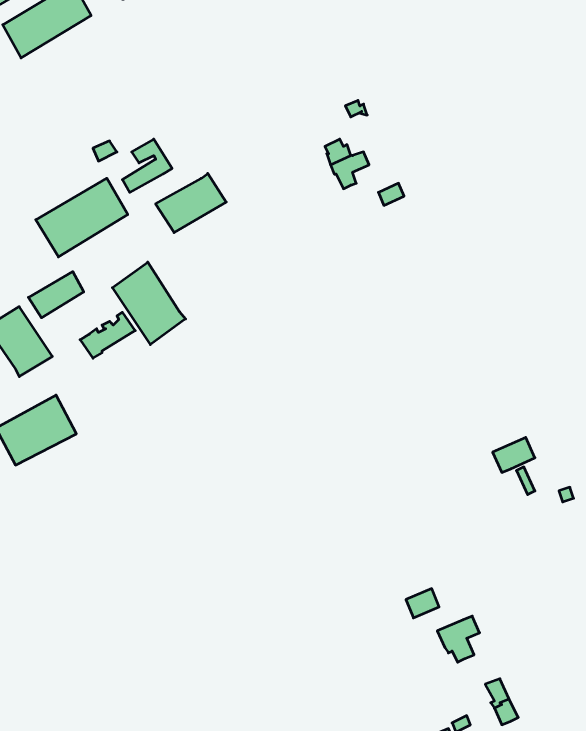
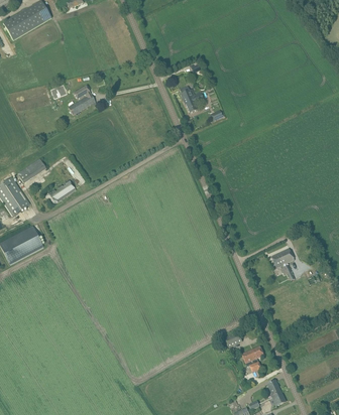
building: [156,173,226,233] -> none
building: [36,178,128,257] -> none
building: [112,262,186,345] -> none

